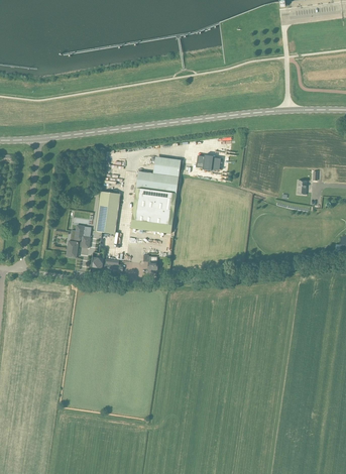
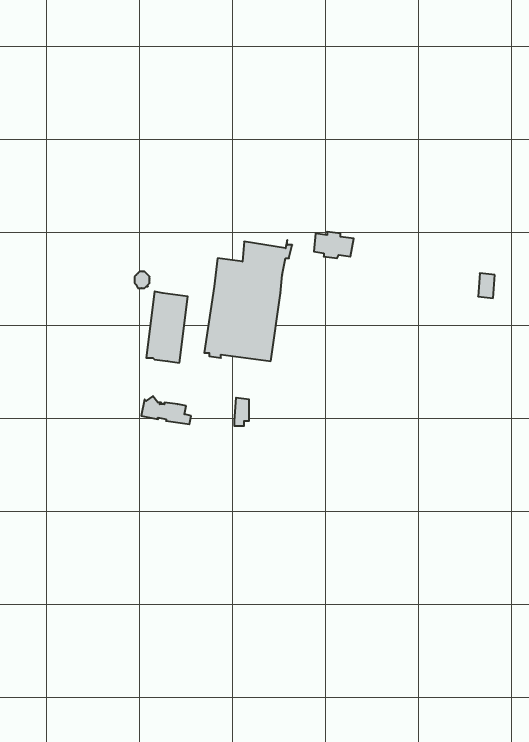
building: [67,224,92,256] -> none

